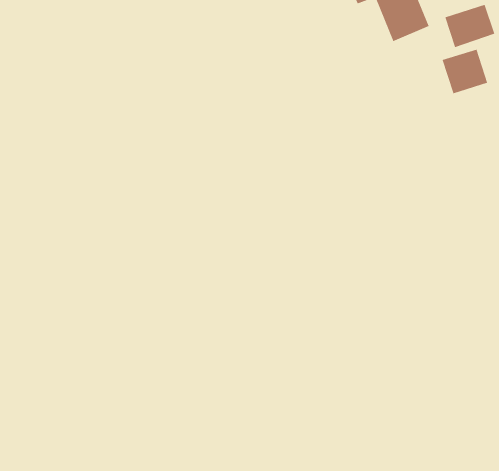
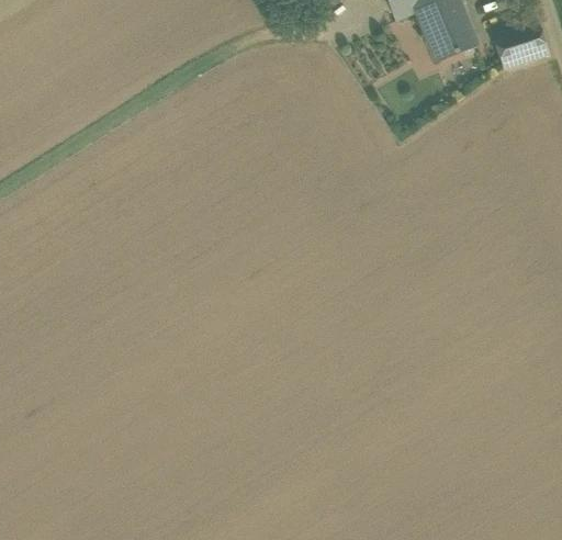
building: [442,49,488,94] -> none

